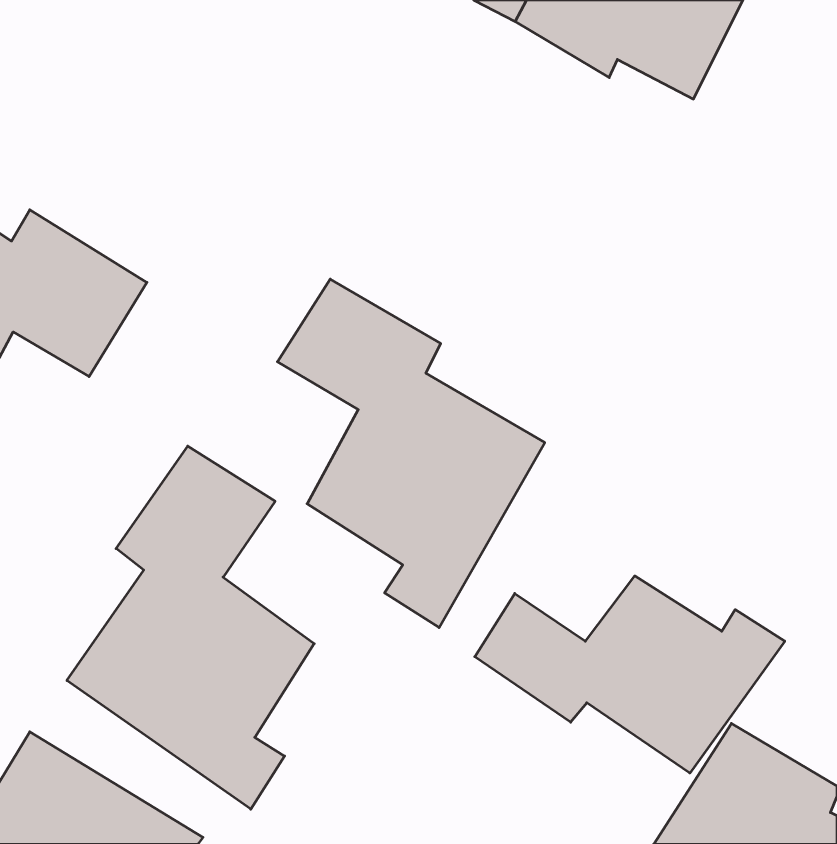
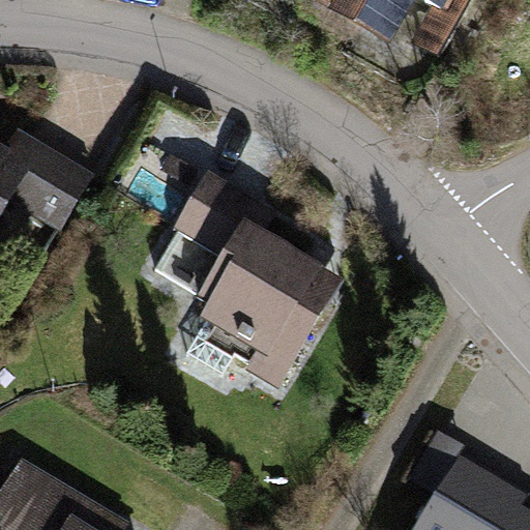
building: [67,446,314,809] -> none
building: [475,576,785,773] -> none

